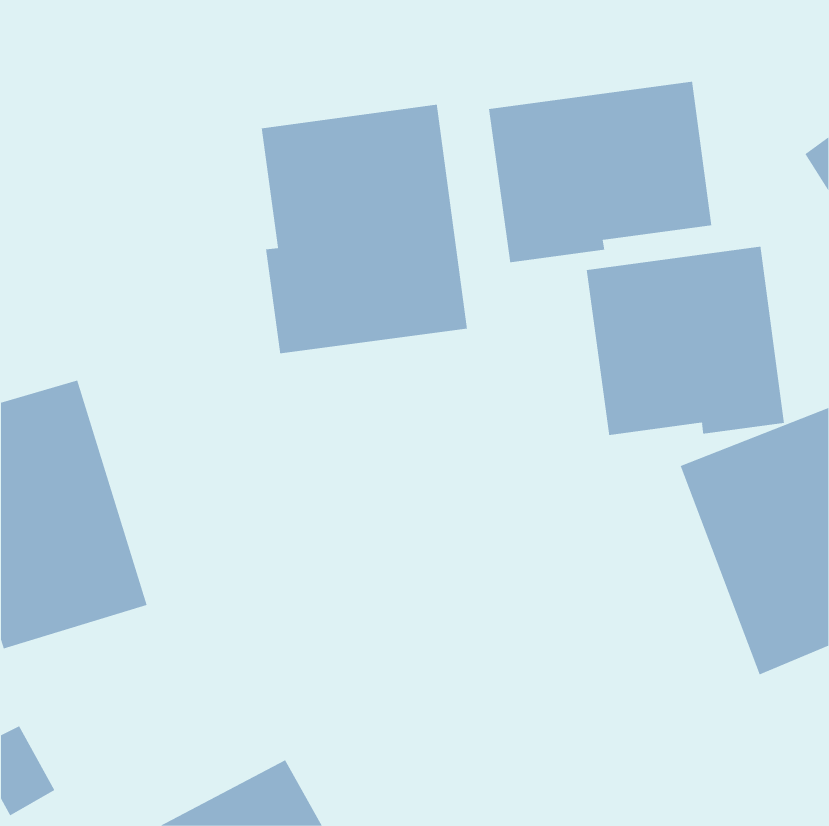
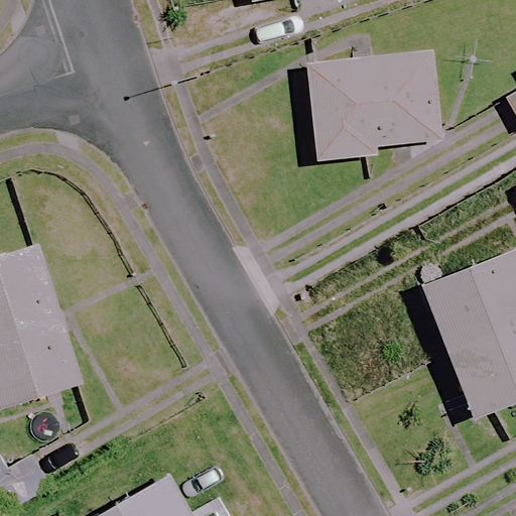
building: [261,104,468,354] -> none
building: [586,246,785,436] -> none

